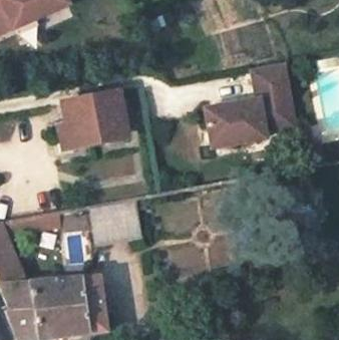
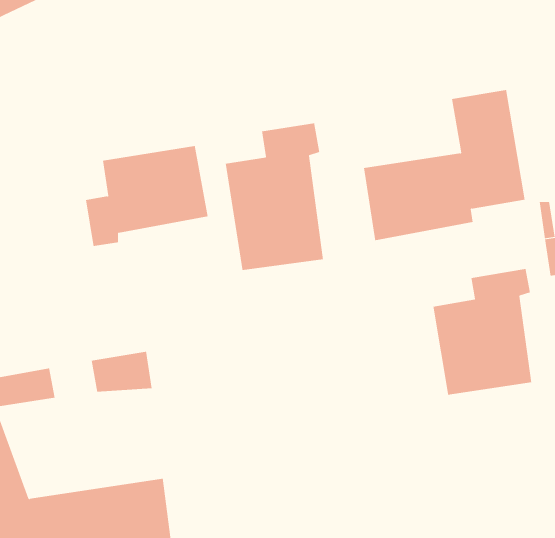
building: none -> [225,122,323,271]
building: none -> [433,268,532,395]

